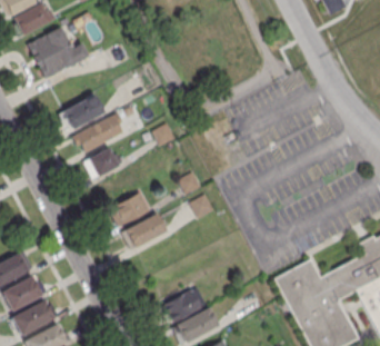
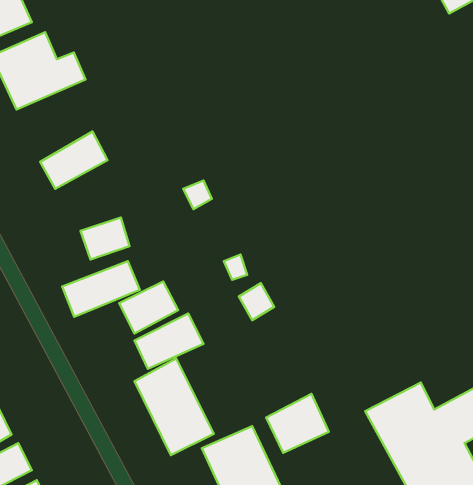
building: [76,115,127,151] -> [62,261,140,317]
building: none -> [134,359,214,455]
building: none -> [266,394,329,453]

